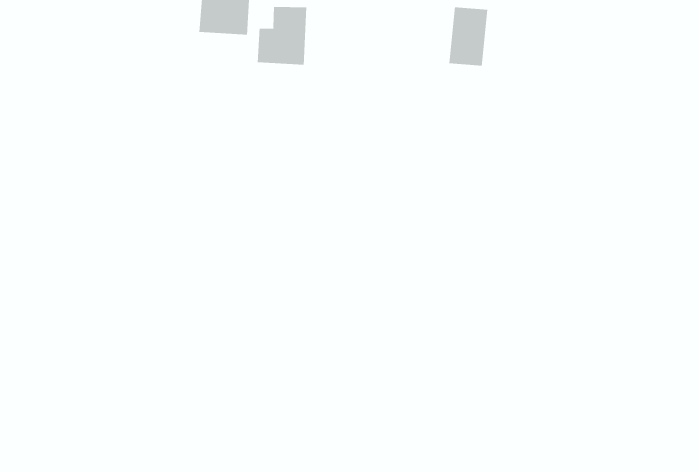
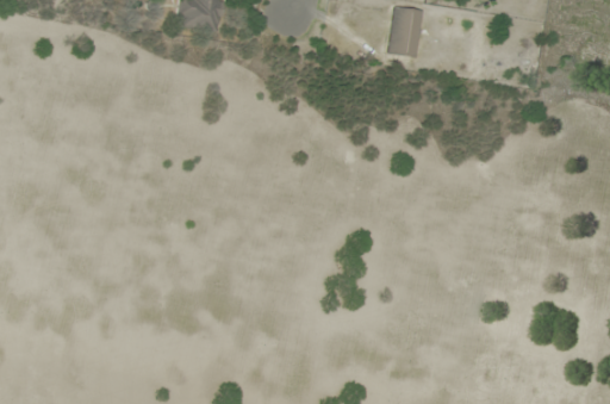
building: [257,6,307,65] -> none

